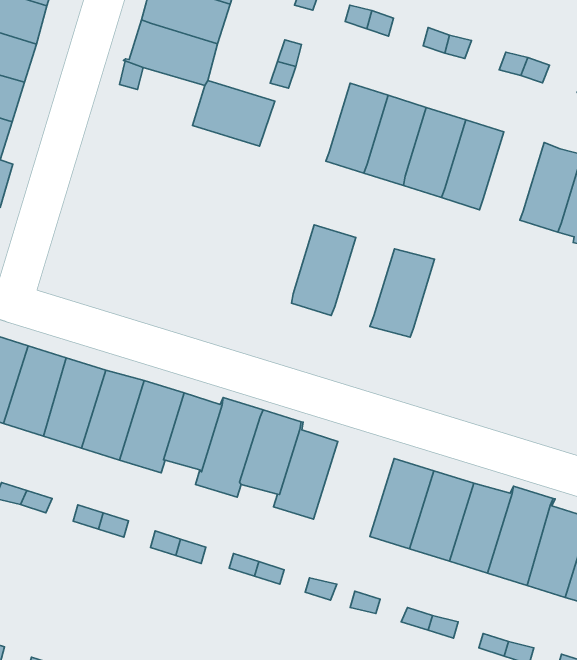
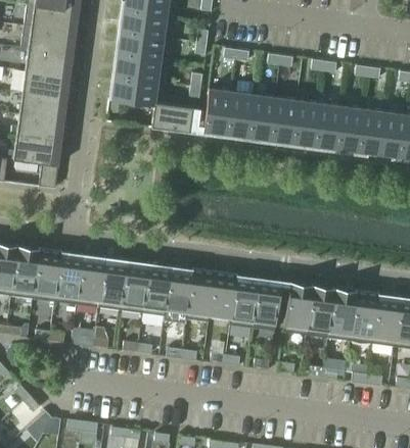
building: [291,225,356,316] -> [203,88,232,135]
building: [370,249,435,337] -> [313,103,341,149]
building: none -> [252,284,280,331]

